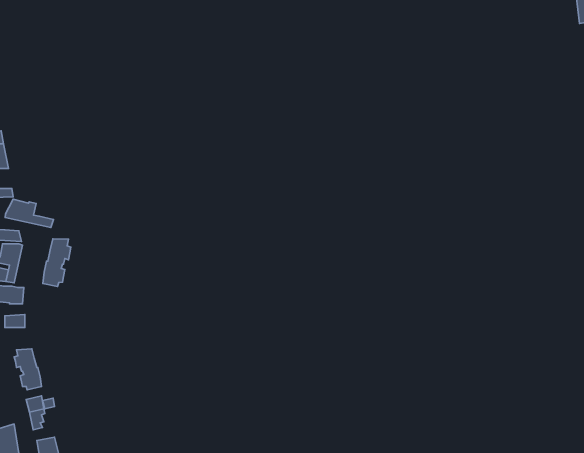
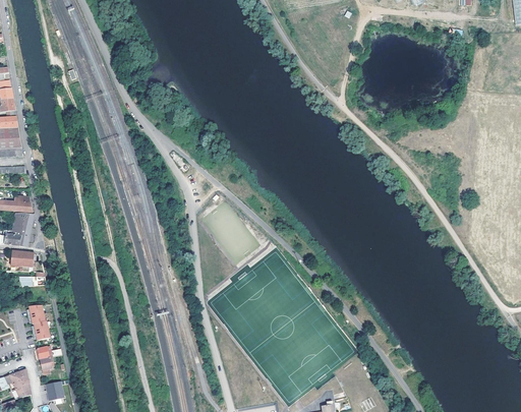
building: [5,199,53,227] -> none
building: [43,239,71,287] -> none

